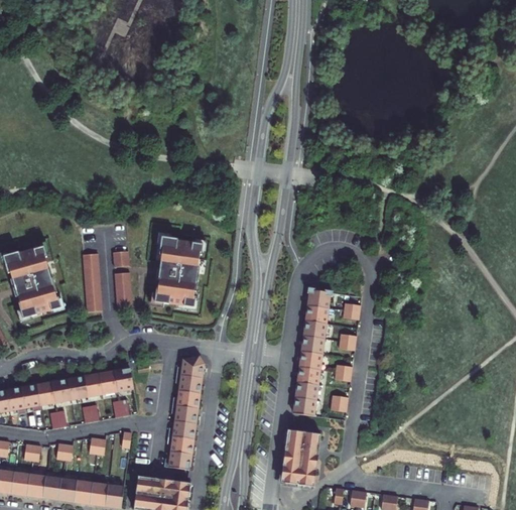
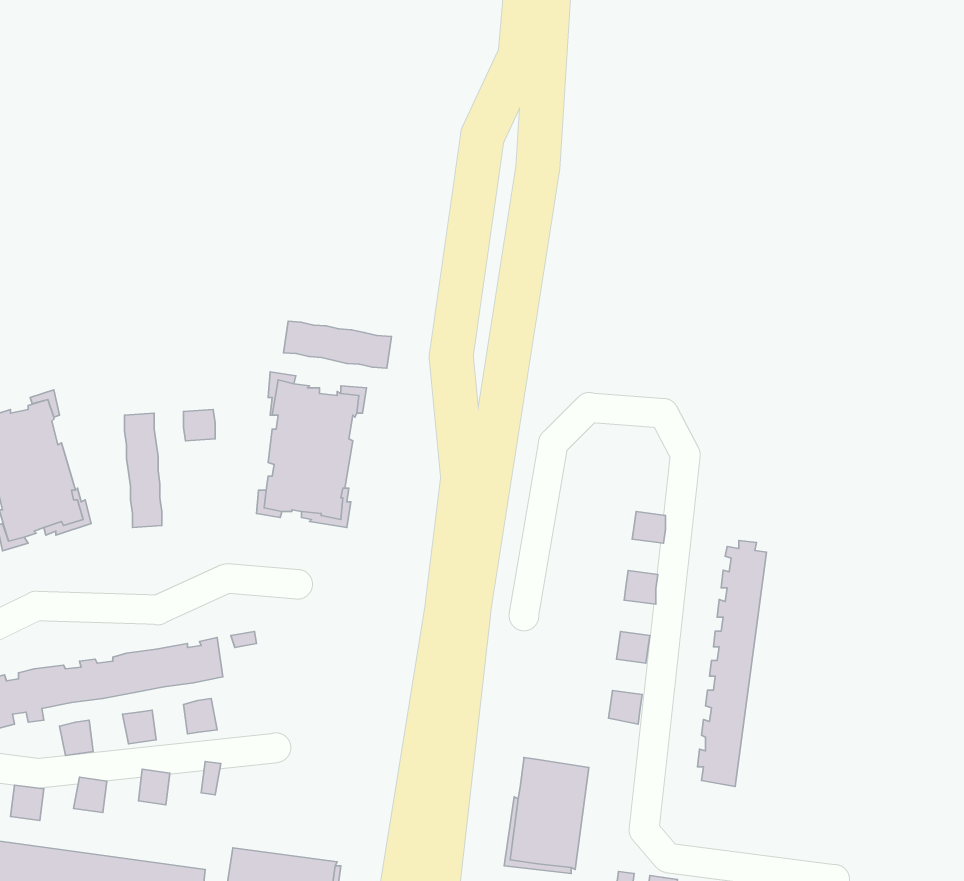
building: none -> [284,321,391,368]
building: [115,272,132,309] -> none
building: [294,290,330,416] -> [698,541,766,786]
building: [165,357,205,470] -> none

